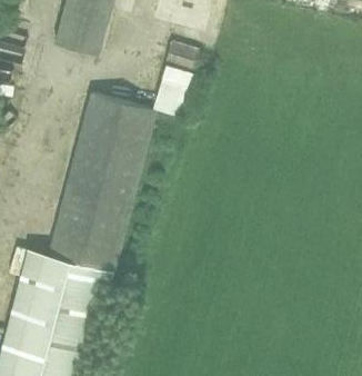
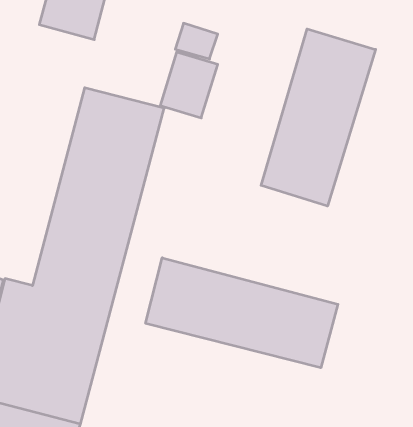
building: none -> [261,29,376,206]
building: none -> [146,258,338,368]

